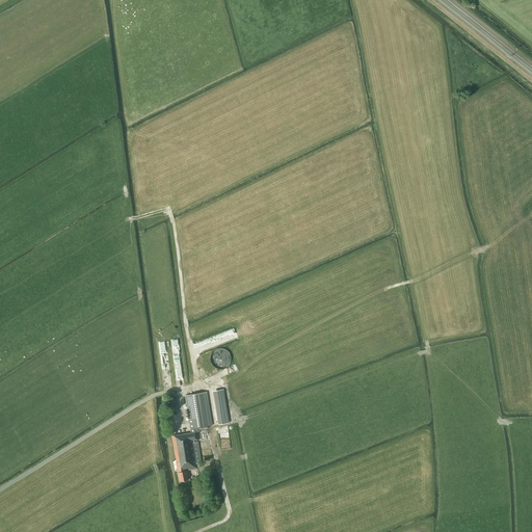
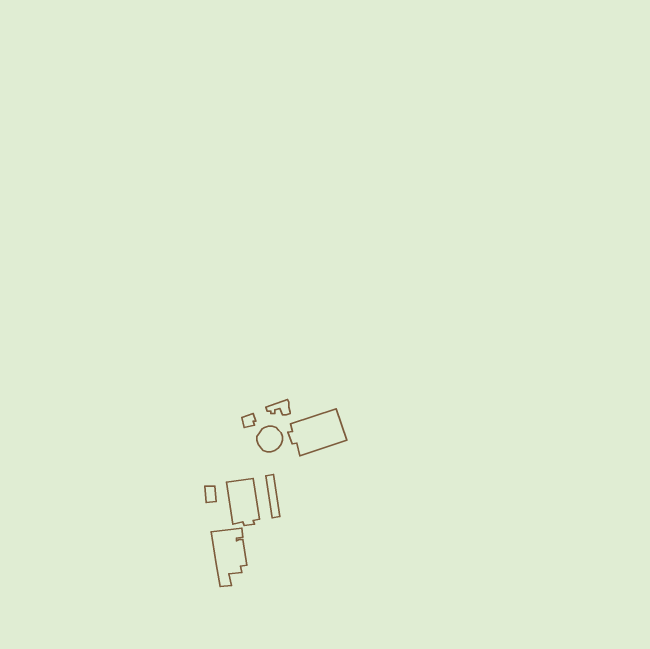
building: none -> [288,409,347,456]

